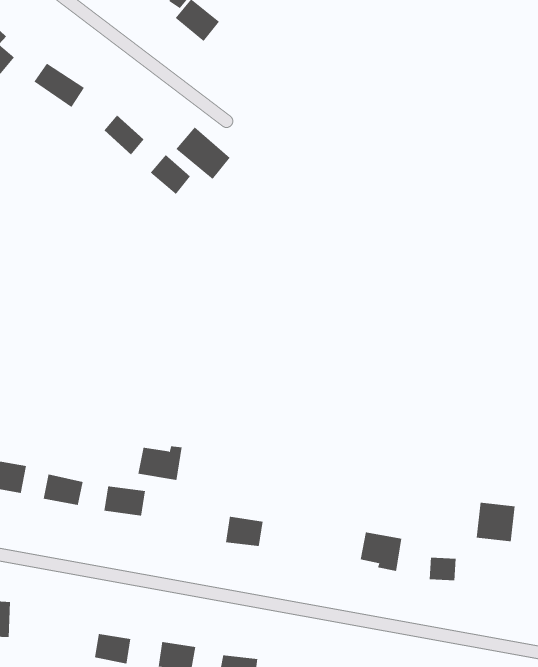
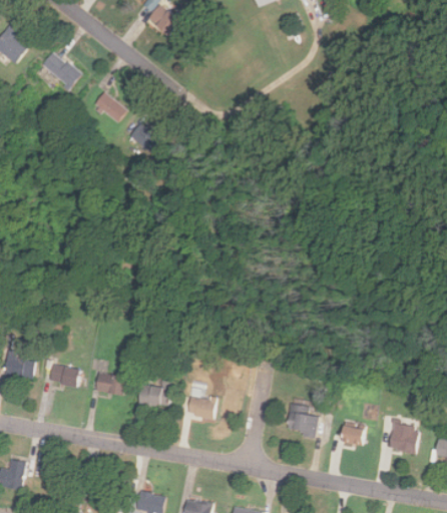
building: [175,127,230,180] -> none
building: [137,446,182,480] -> [137,383,171,409]
building: [476,502,516,542] -> [389,423,419,453]

